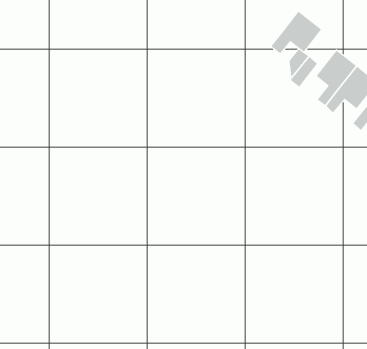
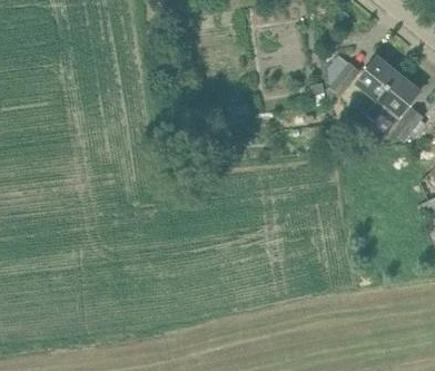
building: [271,11,322,54] -> none

